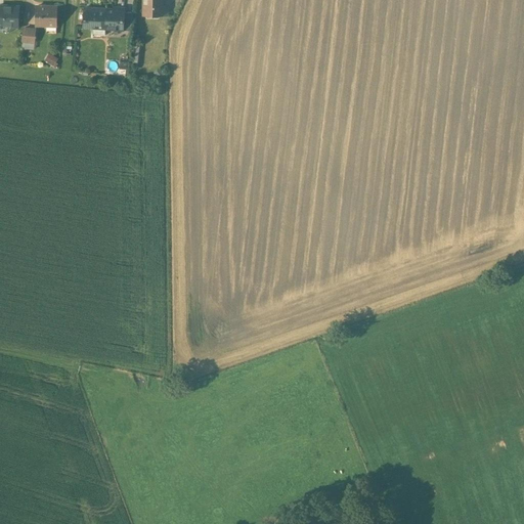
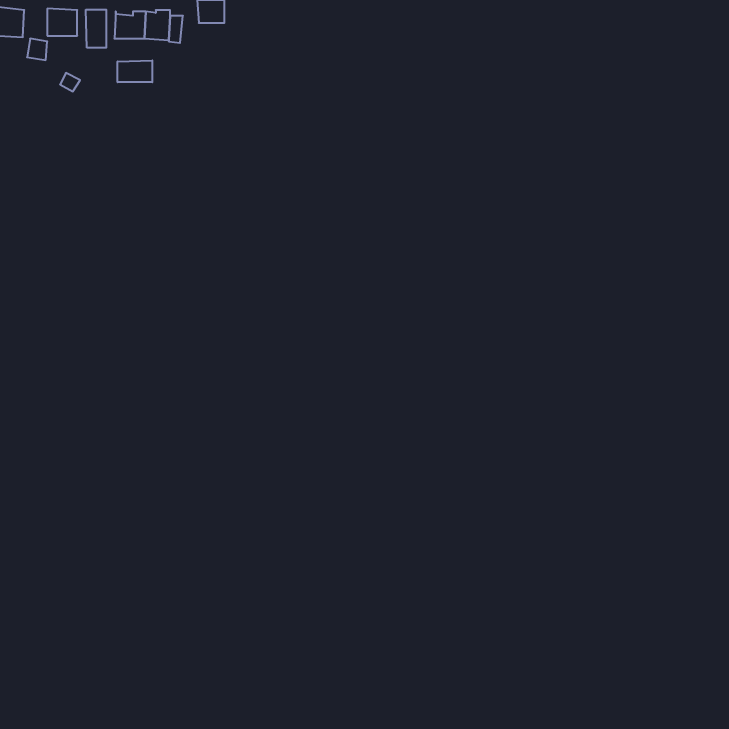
building: none -> [86,10,106,48]
building: none -> [118,60,152,82]

